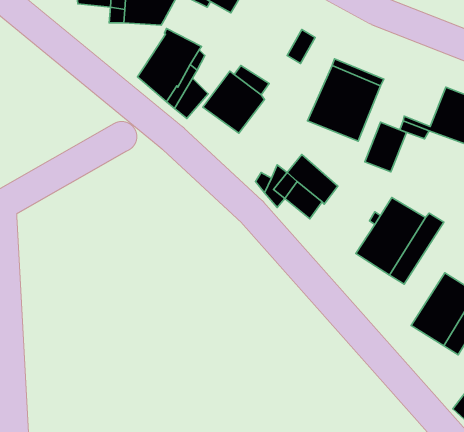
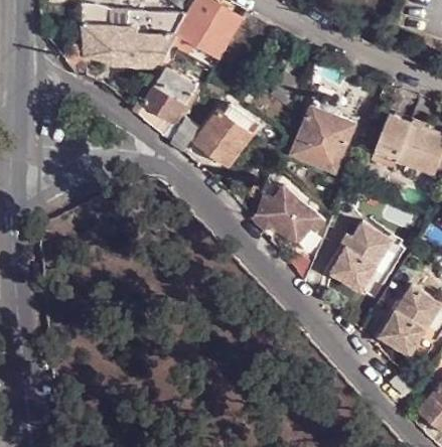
building: [365,122,407,172] -> [375,114,412,158]

